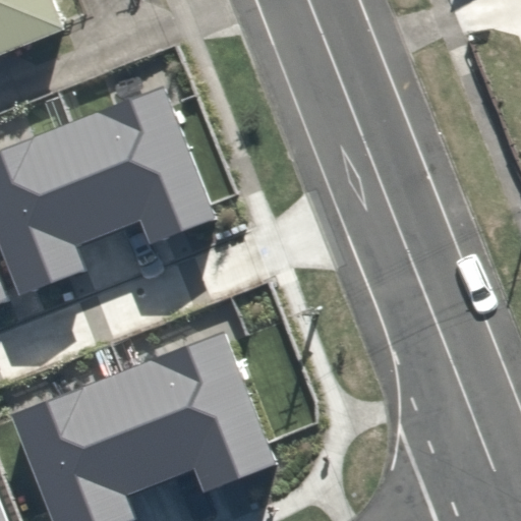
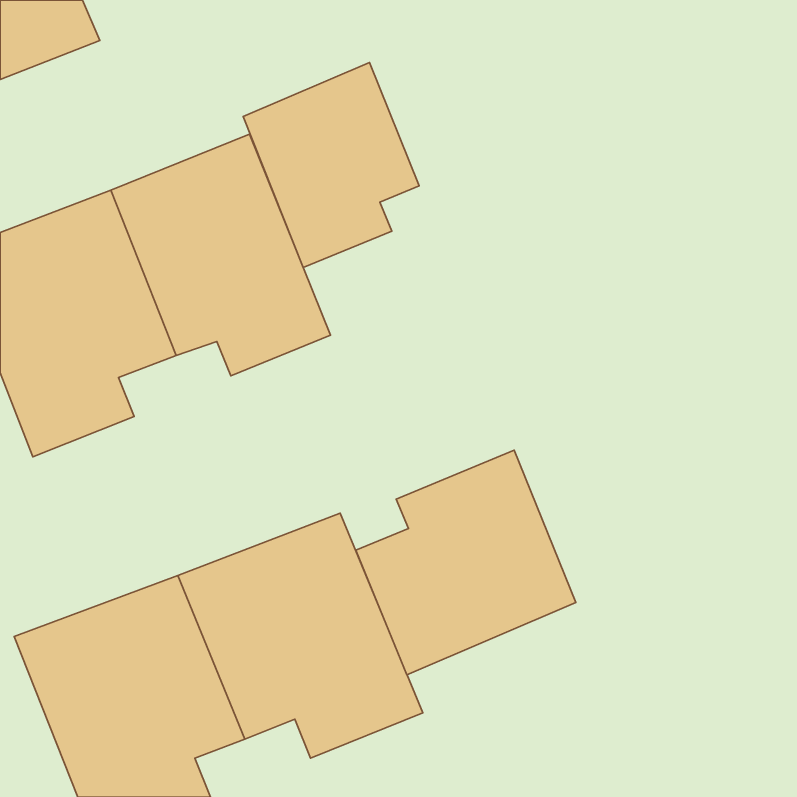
building: none -> [243,63,419,267]
building: none -> [356,450,576,675]

